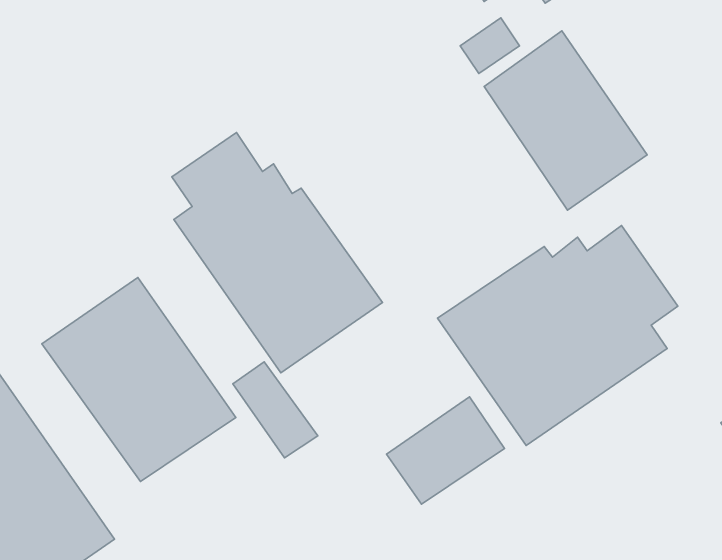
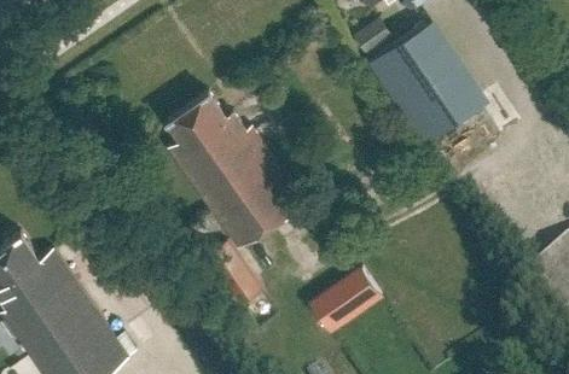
building: [438,226,678,446] -> none
building: [42,278,236,482] -> none

